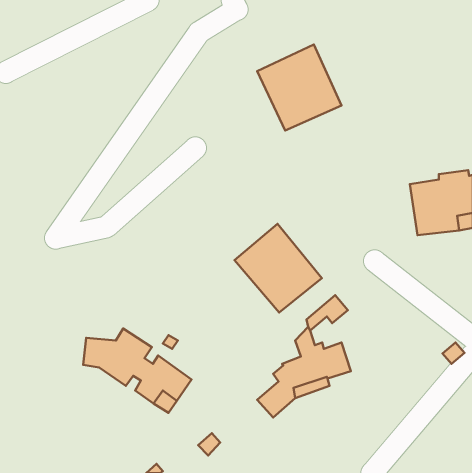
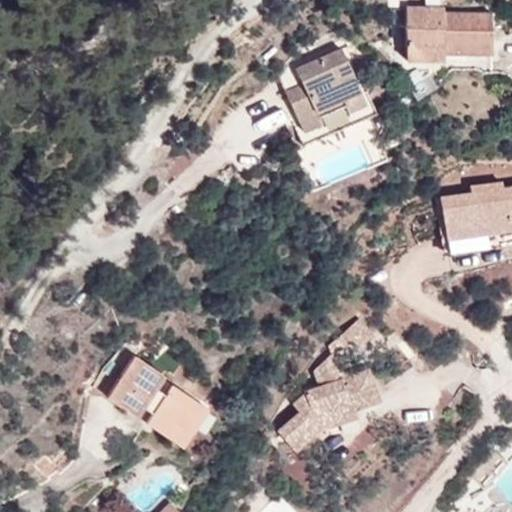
building: none -> [407,6,492,61]
building: [235,224,322,312] -> none

